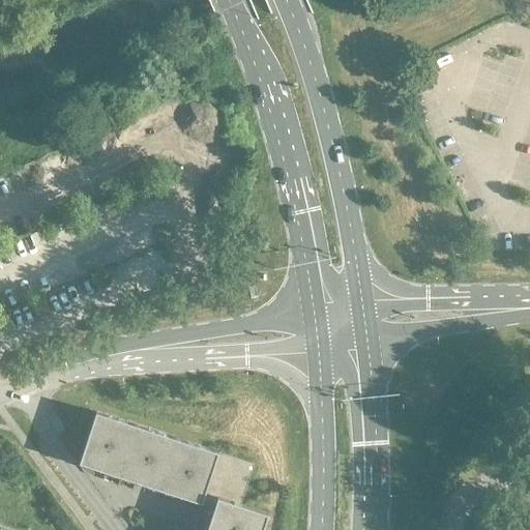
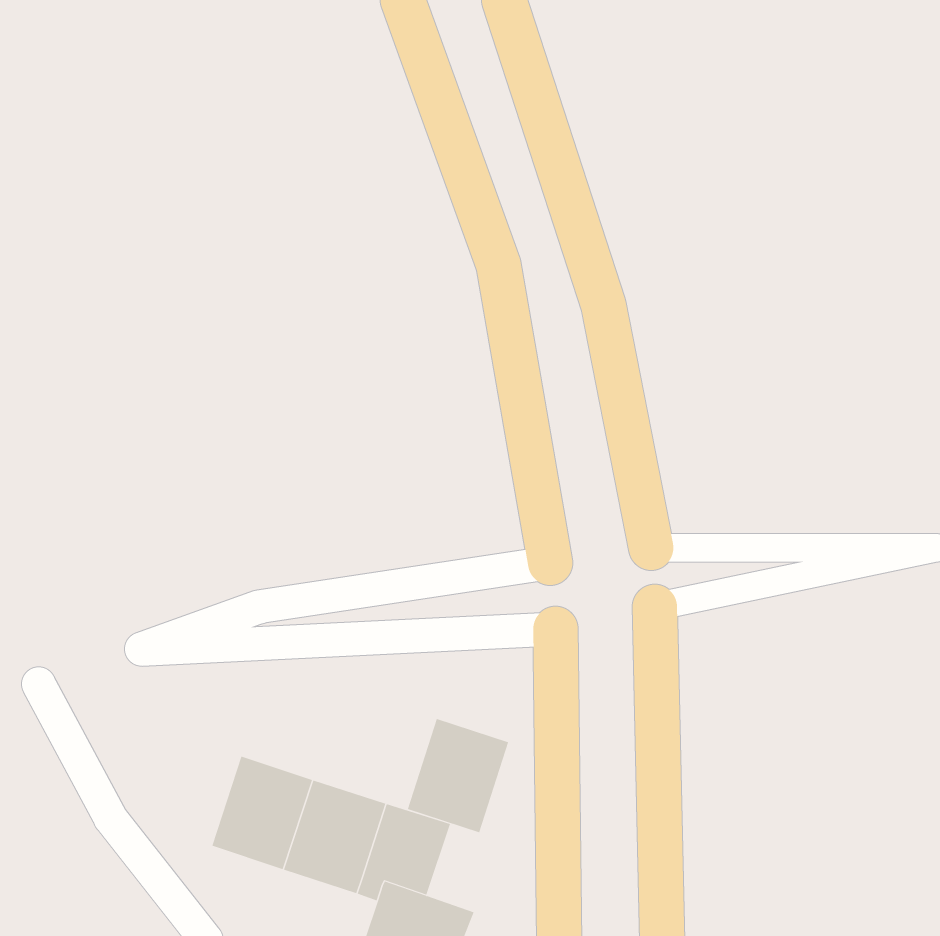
building: none -> [407,718,509,833]
building: [78,414,136,478] -> none

